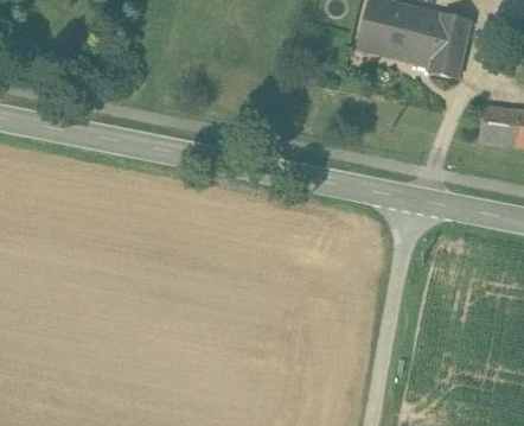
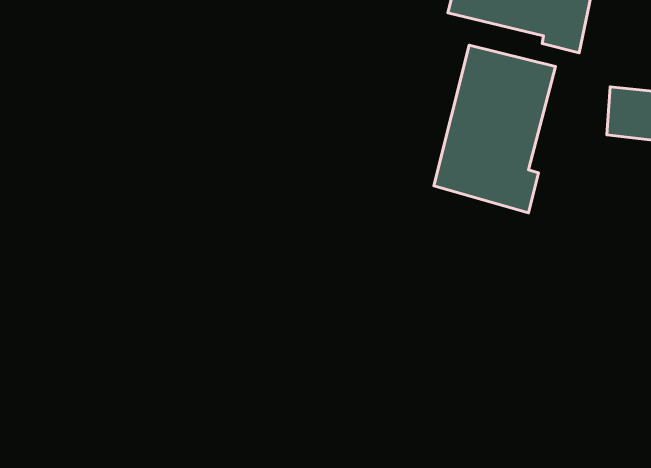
building: none -> [434,45,555,213]

